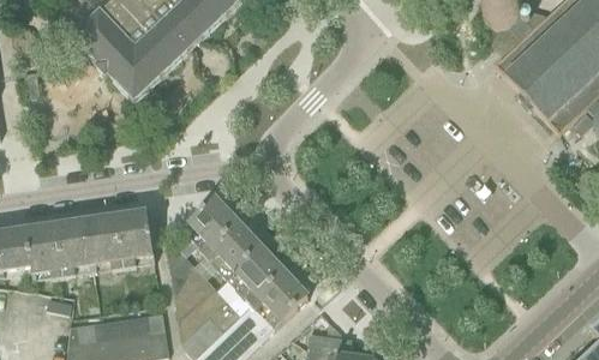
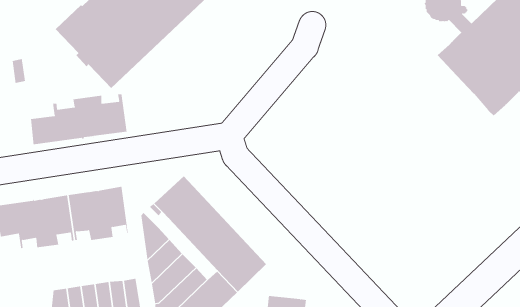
building: none -> [31,94,127,145]

